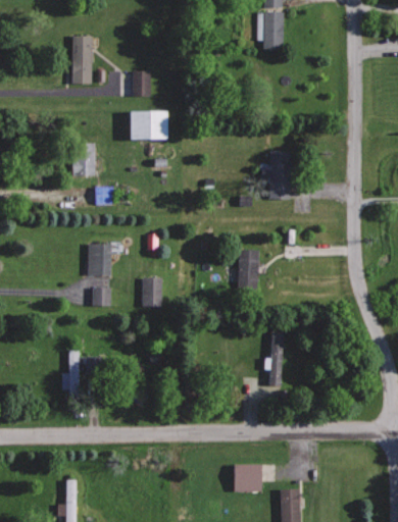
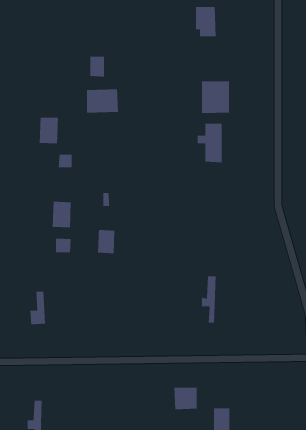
building: [71,36,92,84] -> none
building: none -> [201,81,230,114]
building: [238,250,259,292] -> none

